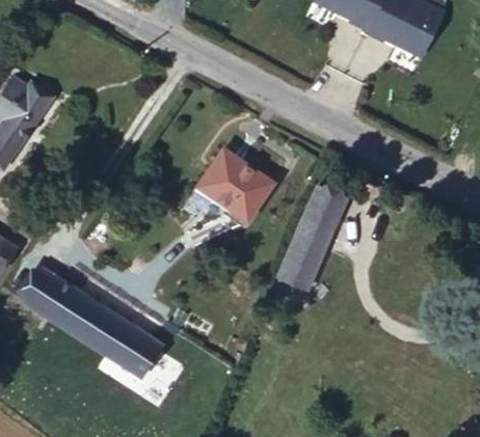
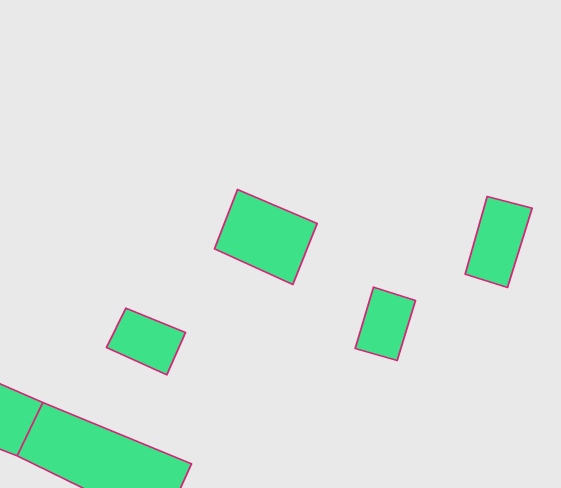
building: [298,189,350,252] -> [465,197,532,288]
building: none -> [106,308,186,375]

